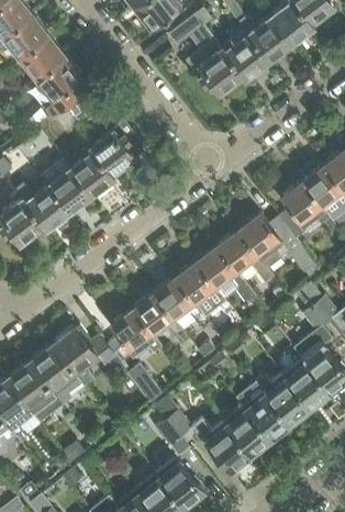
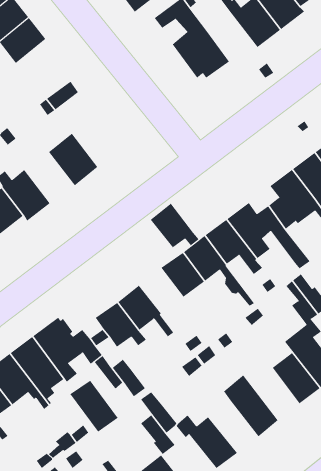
building: [221,32,268,82] -> none
building: [34,56,80,118] -> none
building: [89,123,142,176] -> none
building: [43,166,91,215] -> none
building: [154,278,202,322] -> [150,203,200,248]
building: [255,375,309,425] -> none
building: none -> [70,380,119,432]
building: [218,407,269,457] -> none

